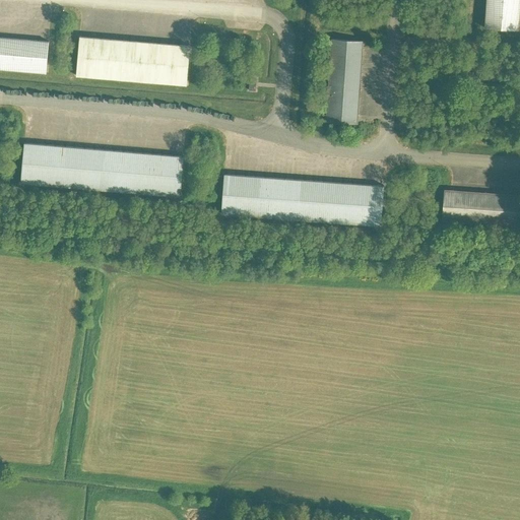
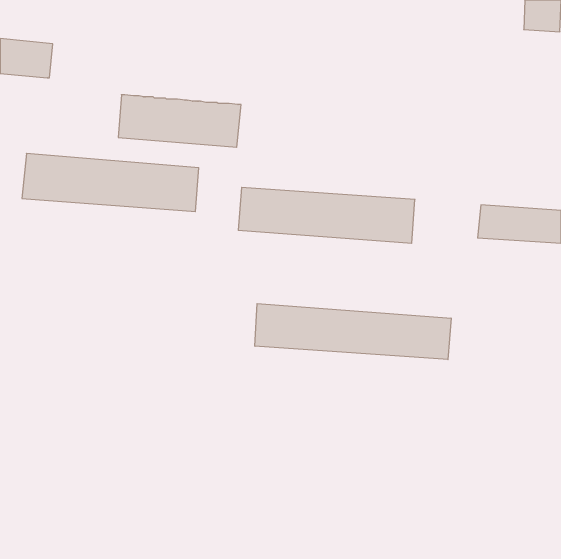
building: [76,37,190,85] -> [118,95,241,147]
building: [326,40,363,125] -> none
building: none -> [255,304,451,360]

